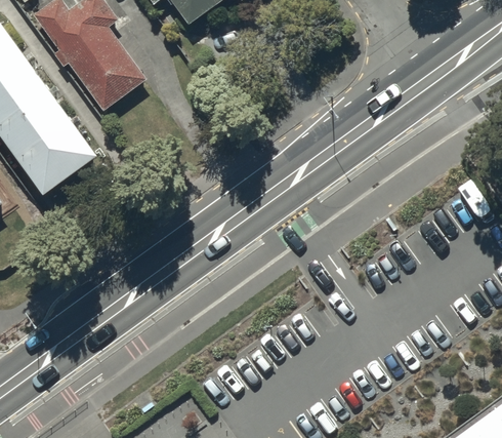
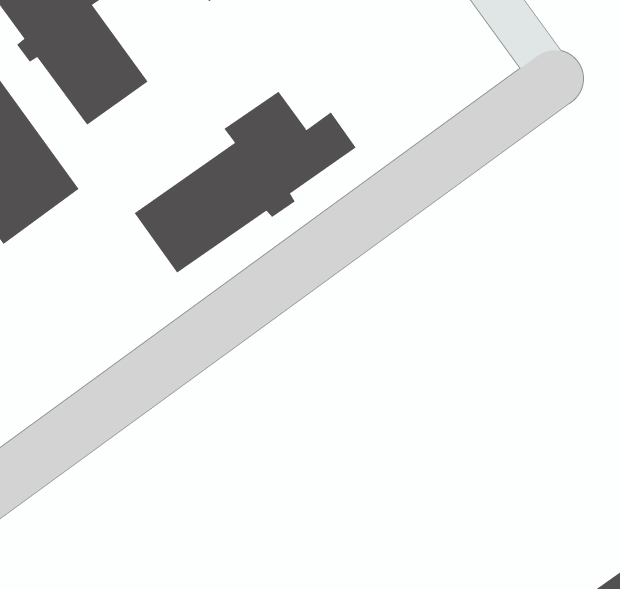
building: none -> [134,91,356,274]

